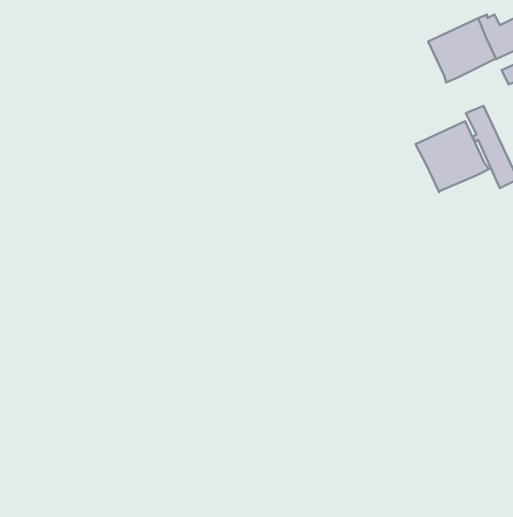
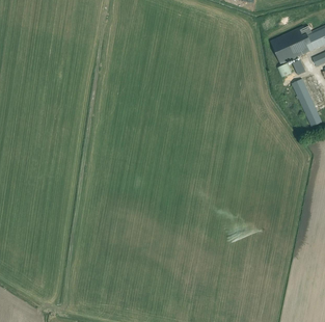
building: [416,121,489,192] -> none

